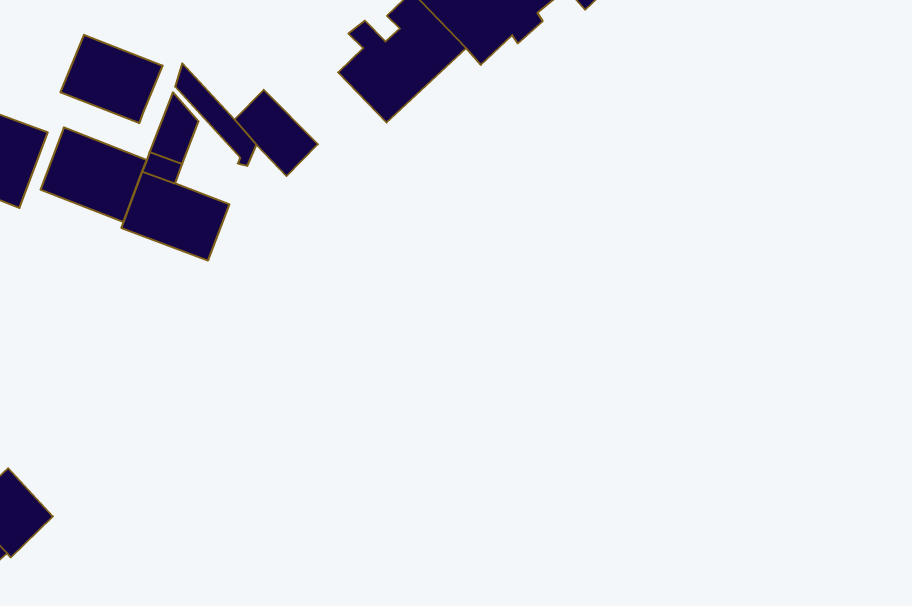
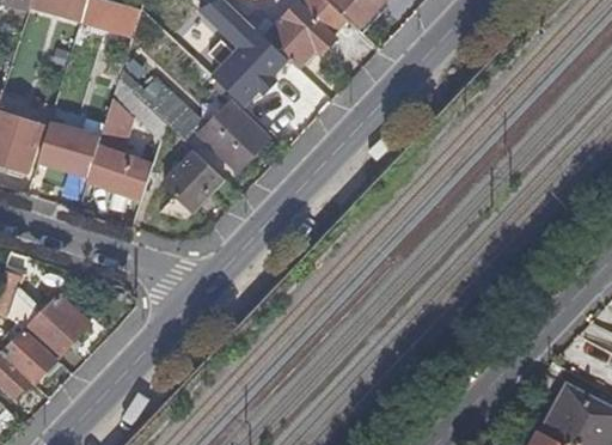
building: [61,35,163,123] -> none
building: none -> [201,103,265,167]
building: none -> [161,150,222,211]
building: none -> [26,295,87,356]

